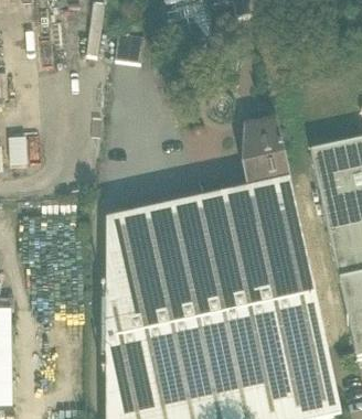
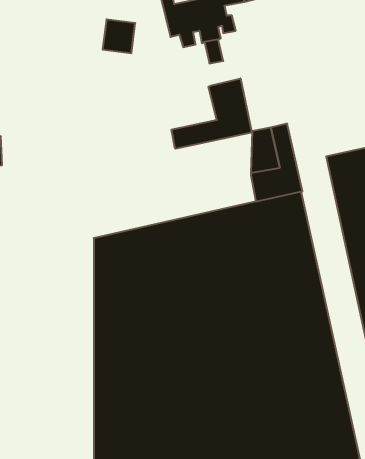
building: none -> [172,78,252,149]

